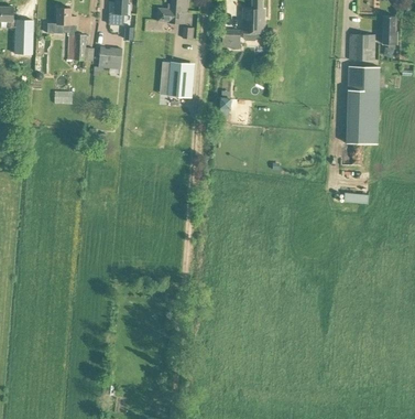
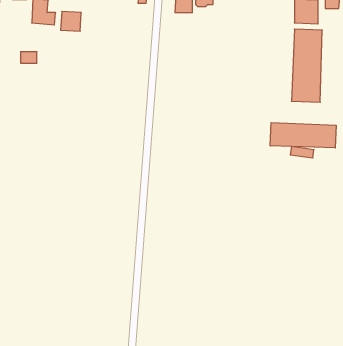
building: [167,61,192,96] -> none
building: none -> [270,123,336,148]

